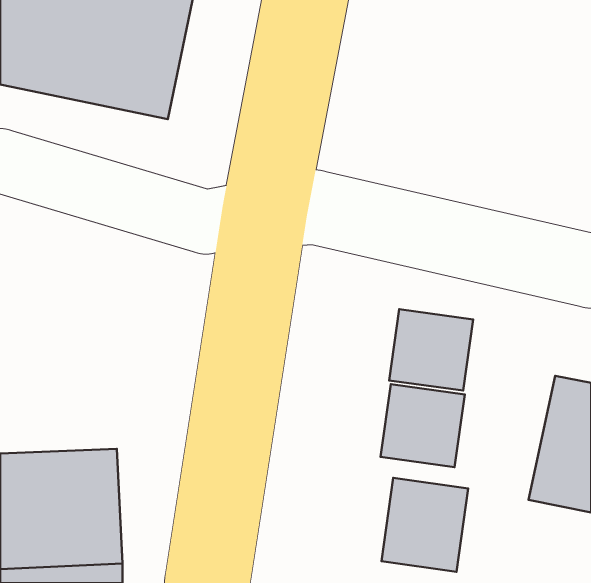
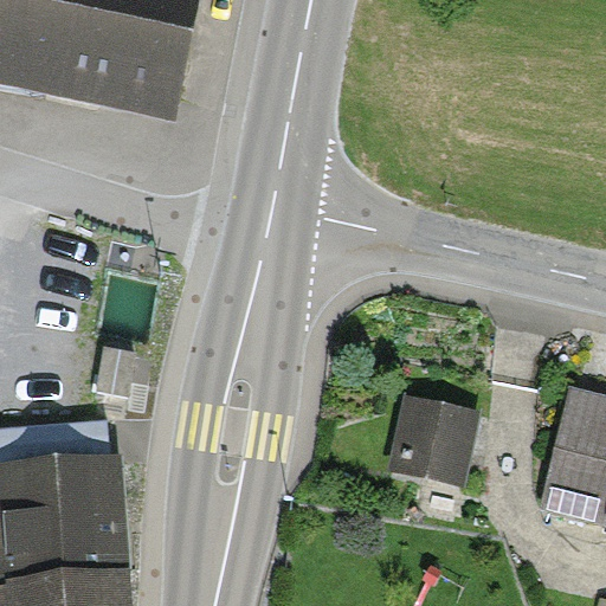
building: [389,309,473,391] -> none
building: [382,478,468,572] -> none

